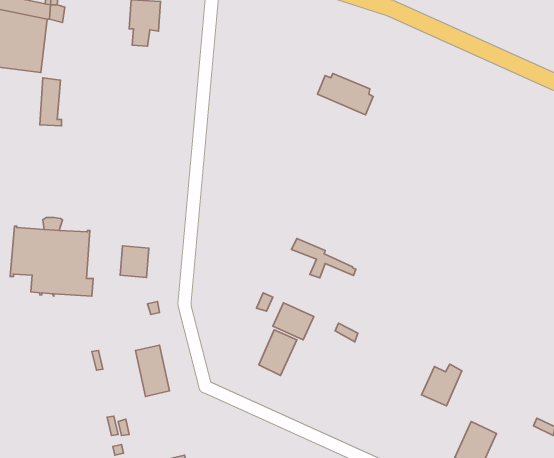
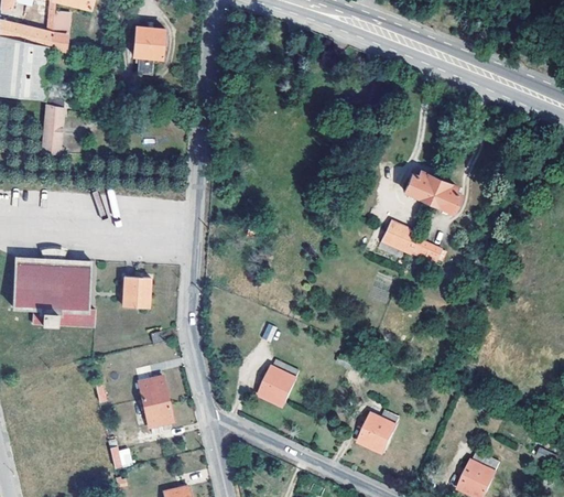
building: [318,73,373,115] -> [400,171,456,213]
building: [291,238,356,278] -> [378,222,443,261]
building: [273,303,314,340] -> none
building: [421,364,462,406] -> [361,411,402,453]

